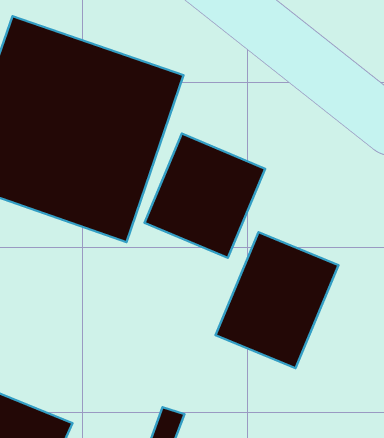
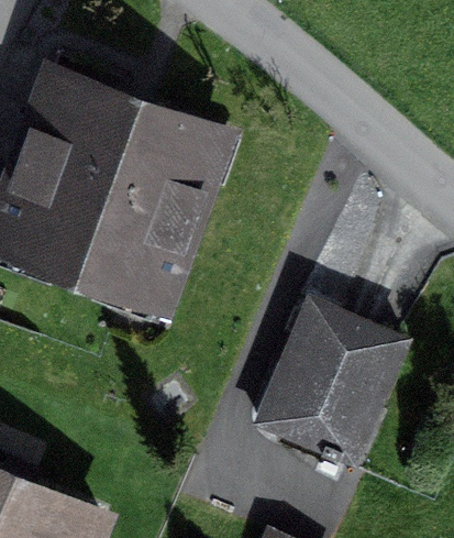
building: [145,134,265,258] -> none

